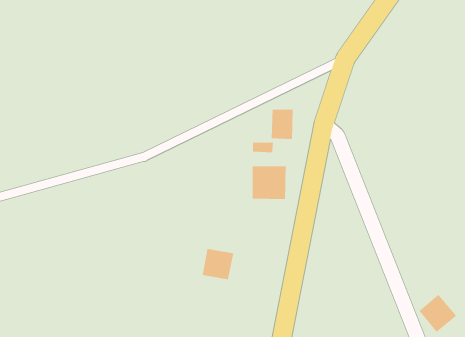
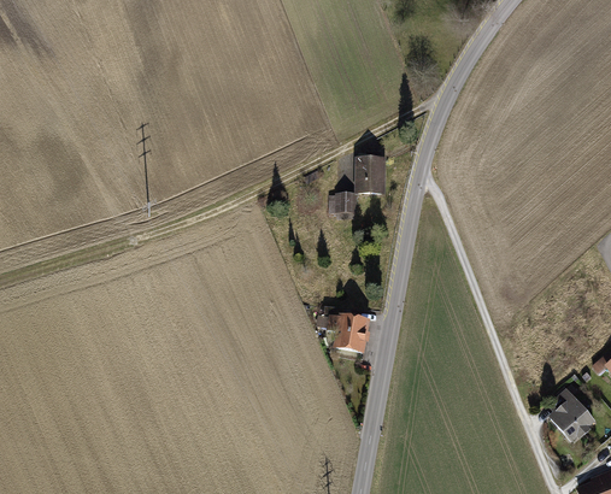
building: [252,166,287,200] -> none
building: [202,248,234,280] -> [329,312,370,353]

